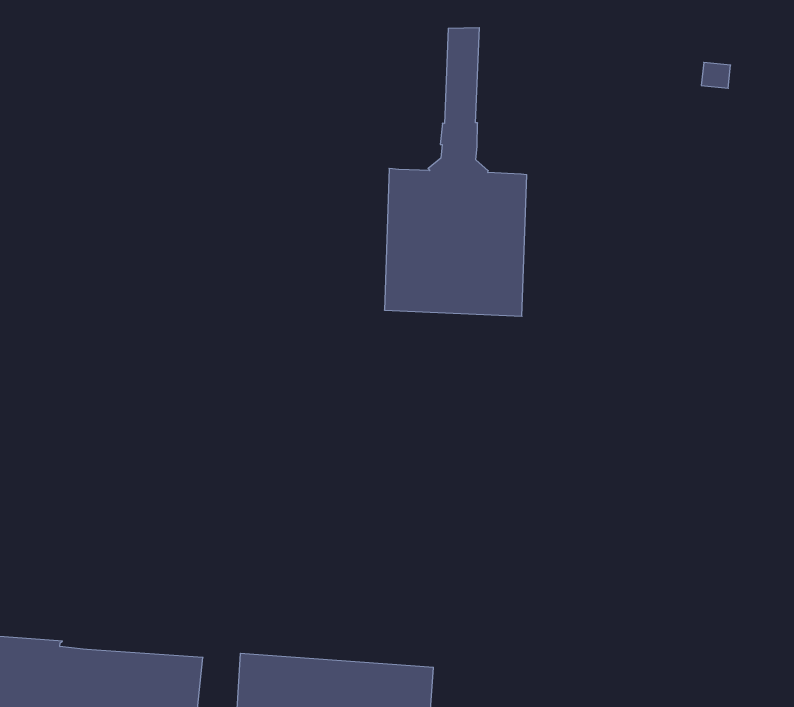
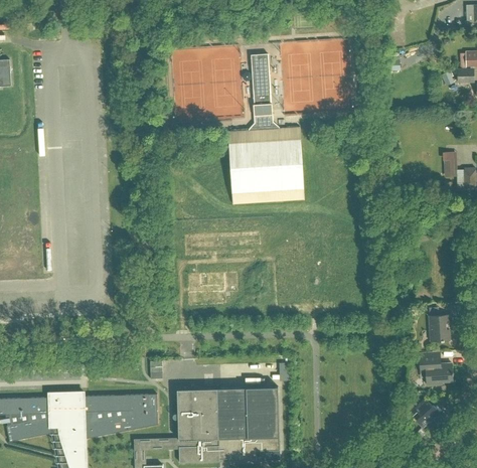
building: none -> [429,314,450,341]
building: none -> [418,352,452,384]

